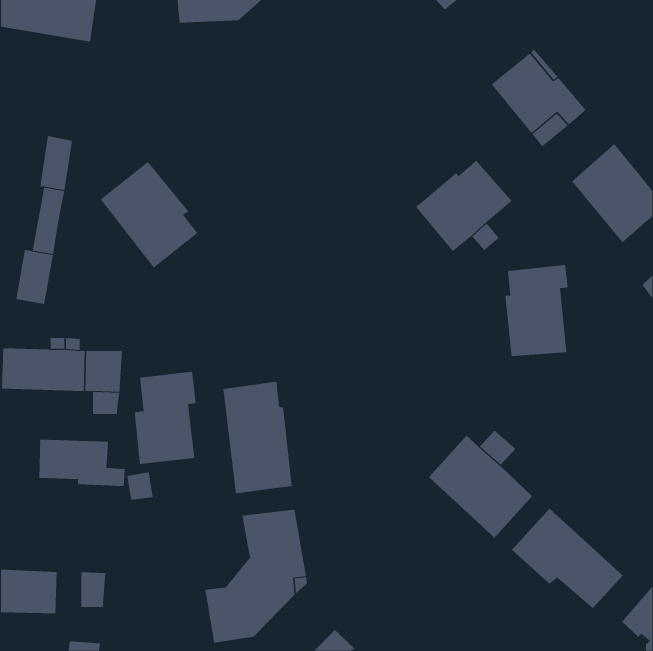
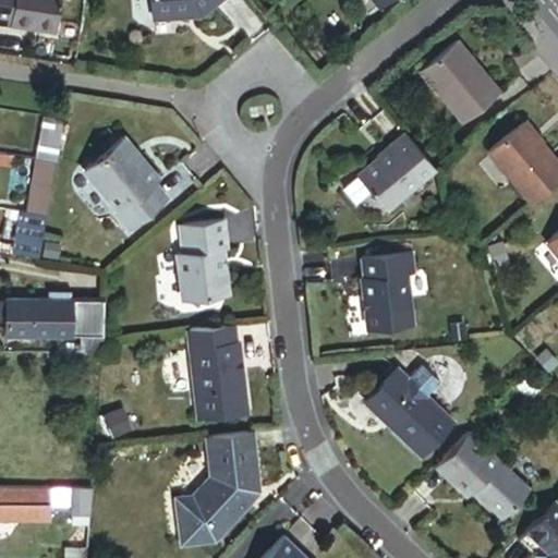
building: [504,264,568,356] -> [356,254,411,332]
building: [134,371,197,465] -> [178,221,231,301]
building: [39,439,125,487] -> none

